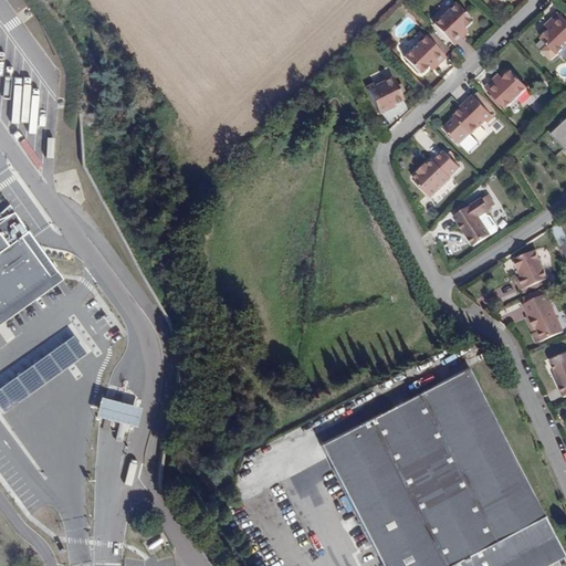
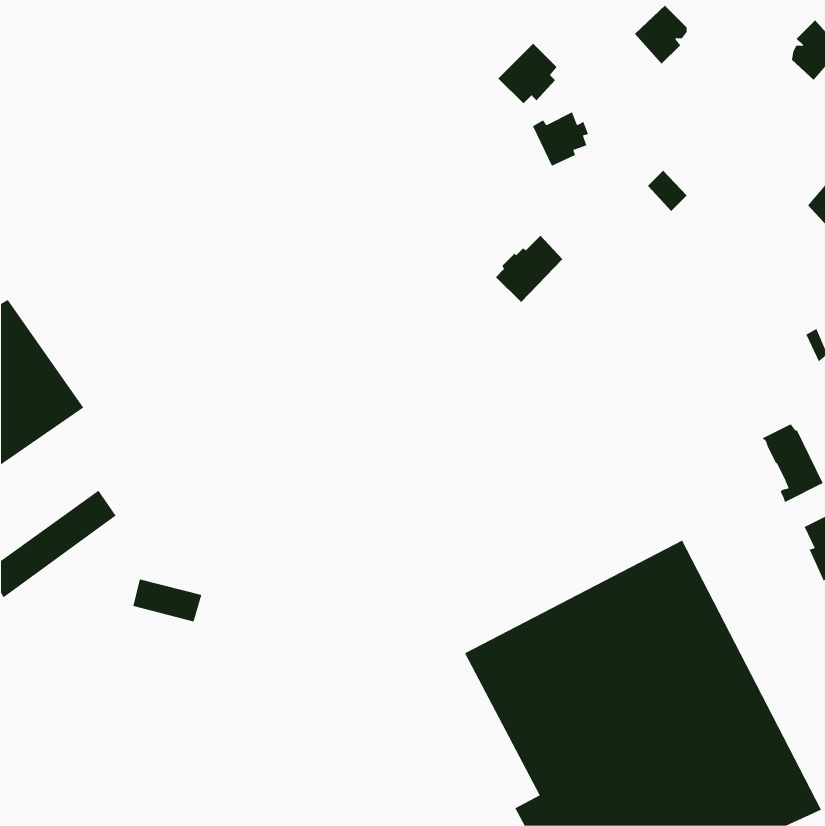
building: [405,31,446,73] -> [498,43,557,104]
building: [485,72,527,109] -> none
building: [454,96,493,134] -> none
building: [413,151,460,198] -> [495,235,563,303]
building: [455,196,496,245] -> none
building: [513,250,549,290] -> none

